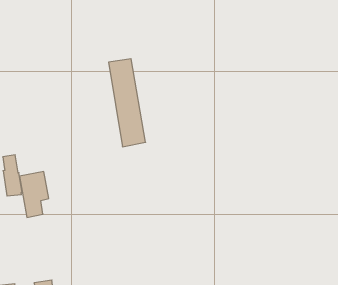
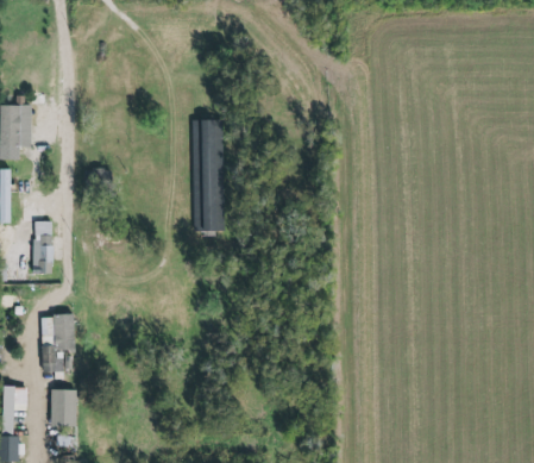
building: [20,172,49,217] -> [42,314,75,370]

